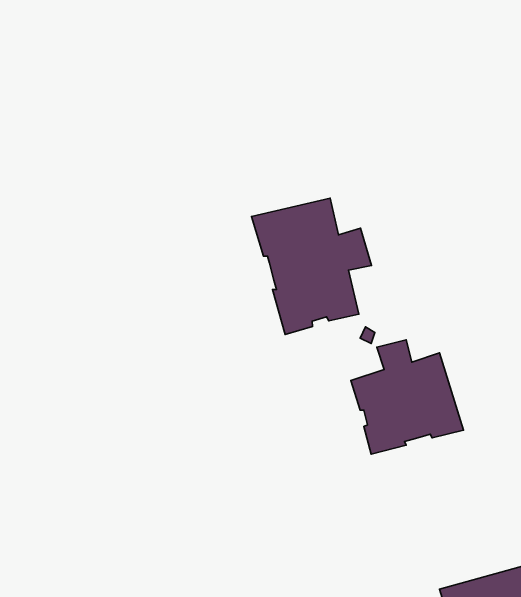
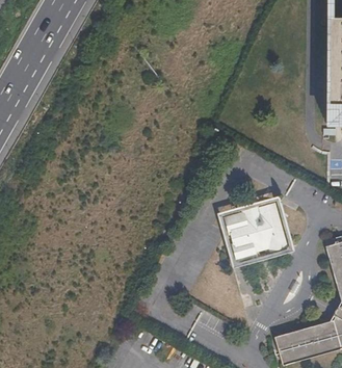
building: [251,198,371,334] -> none

